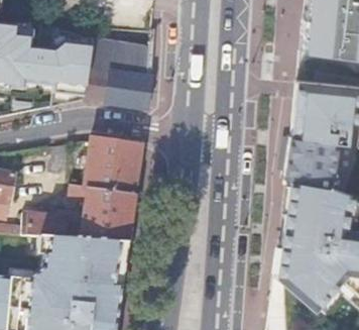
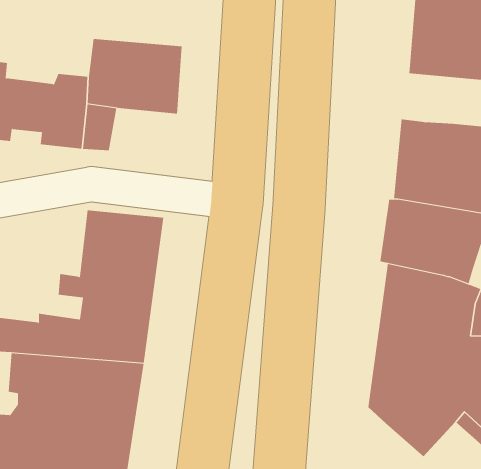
building: [104,73,149,107] -> none

